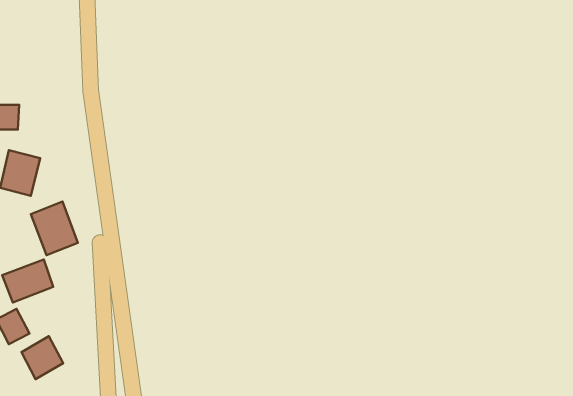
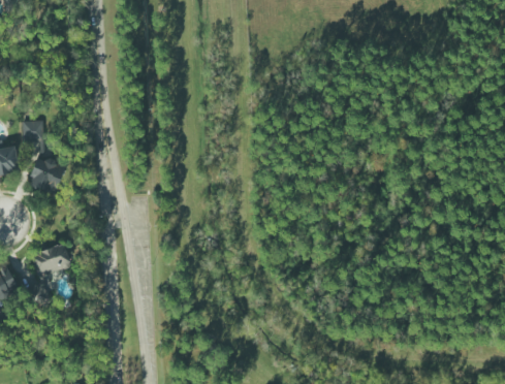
building: [31,202,78,255] -> none
building: [21,336,63,379] -> none

